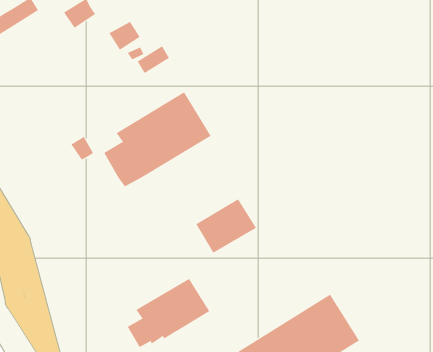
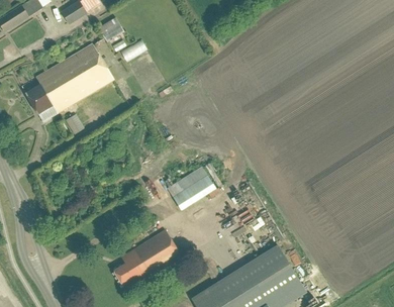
building: [104,92,211,187] -> [24,43,113,122]

